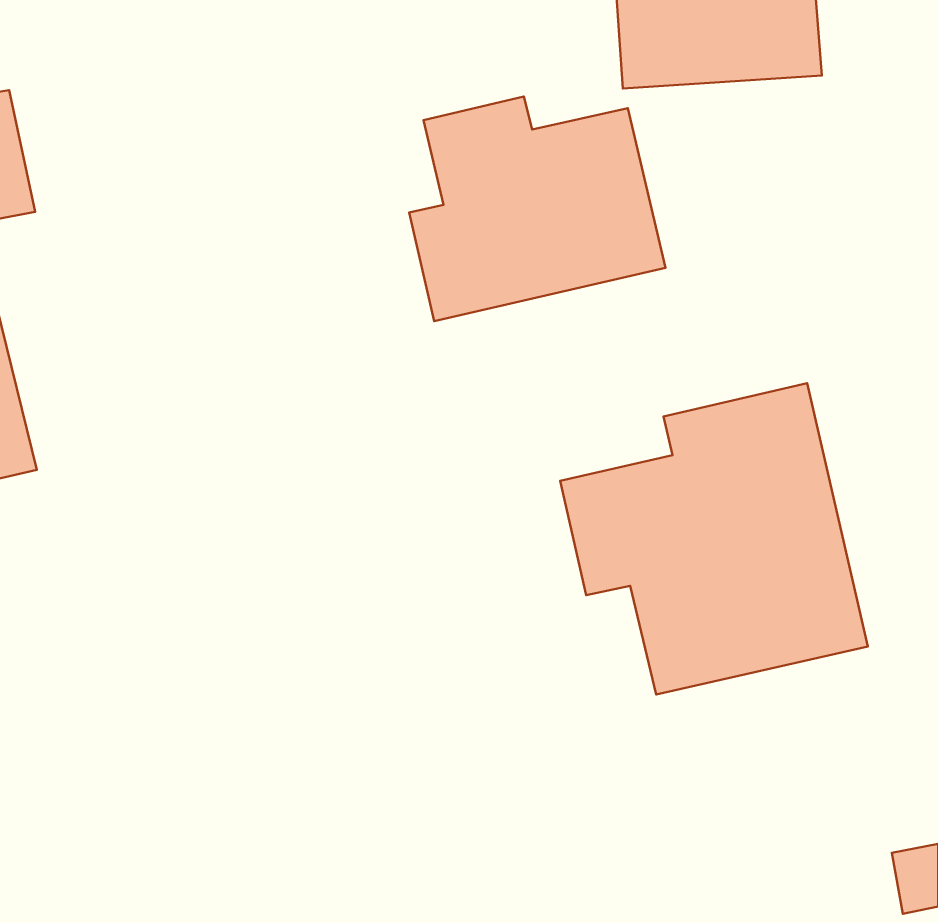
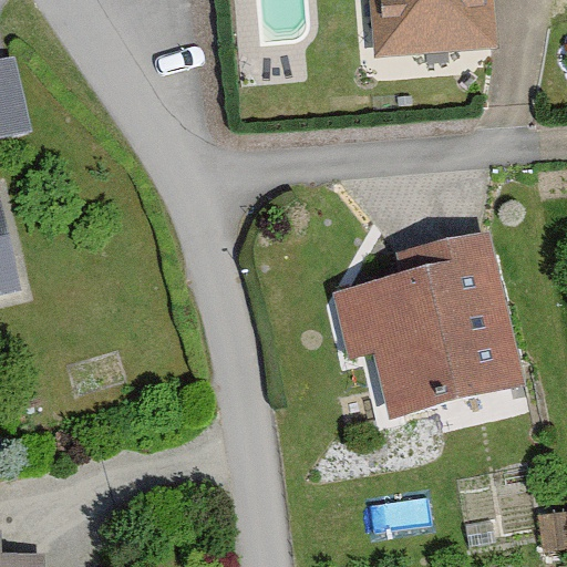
building: [409,97,666,321] -> none

